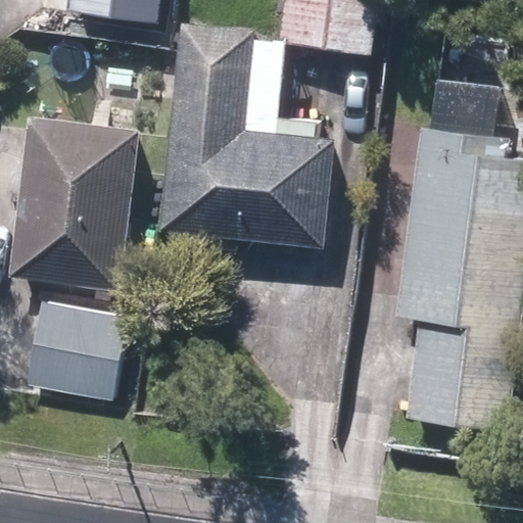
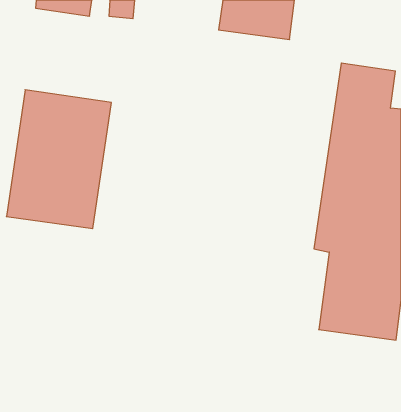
building: [162,26,318,240] -> none
building: [27,304,125,398] -> none

